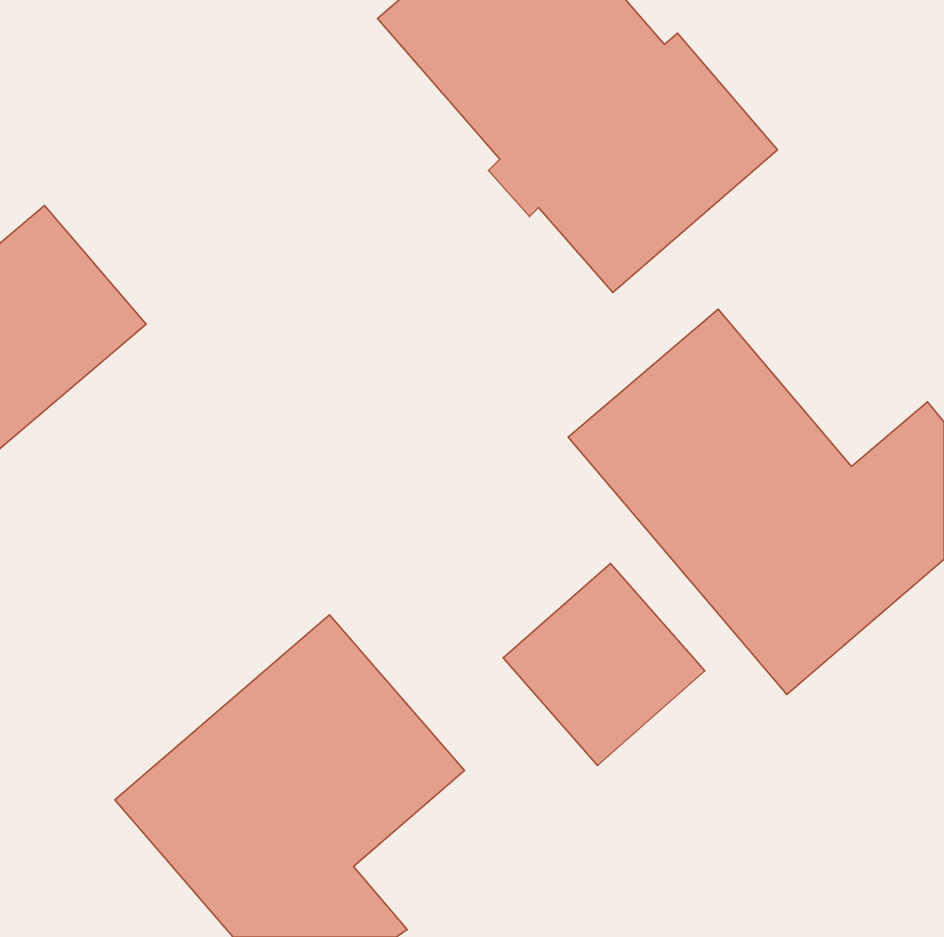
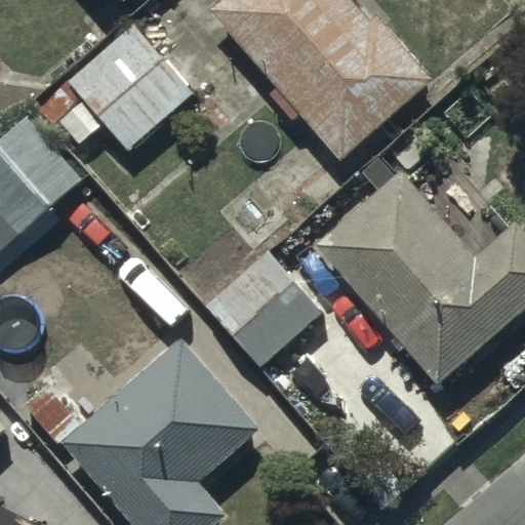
building: none -> [69,26,192,149]
building: [503,563,705,765] -> [206,252,318,364]

